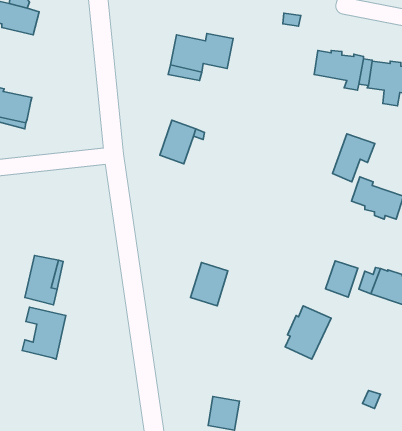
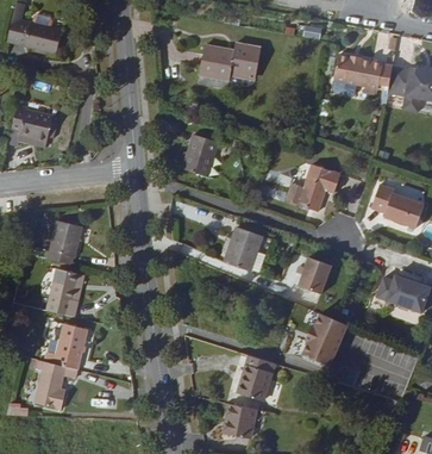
building: [332,134,375,182] -> [298,166,339,213]
building: none -> [50,216,82,259]
building: [325,261,358,297] -> [300,257,332,293]
building: [191,262,228,306] -> [223,224,259,267]
building: none -> [242,355,277,399]
building: none -> [35,357,75,404]

